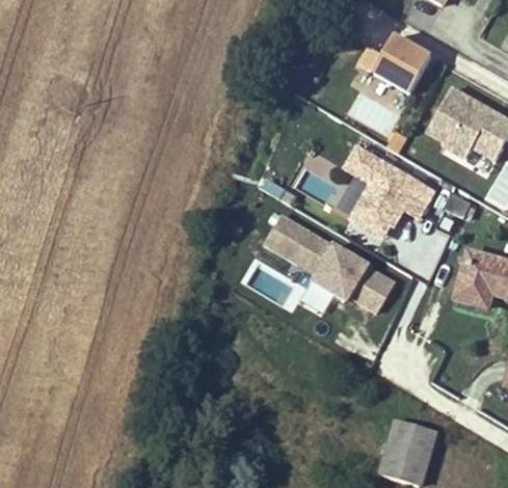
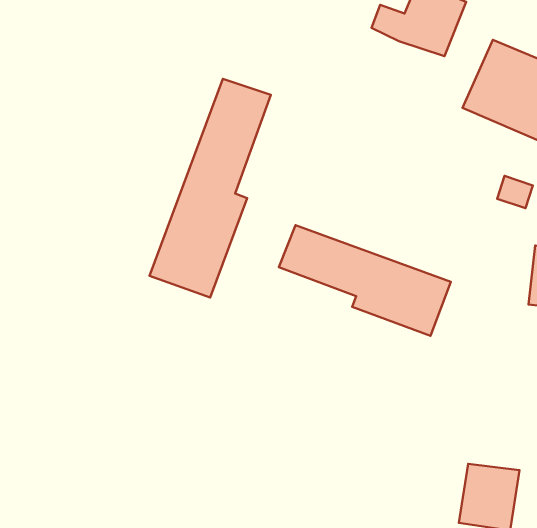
building: none -> [150,79,271,298]
building: [341,143,438,241] -> none

